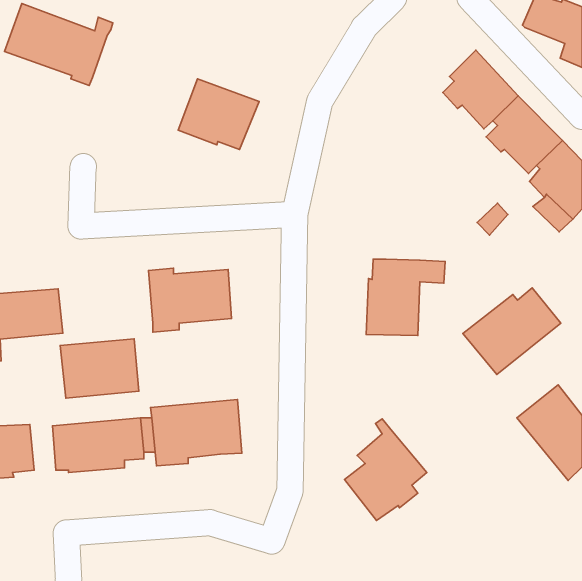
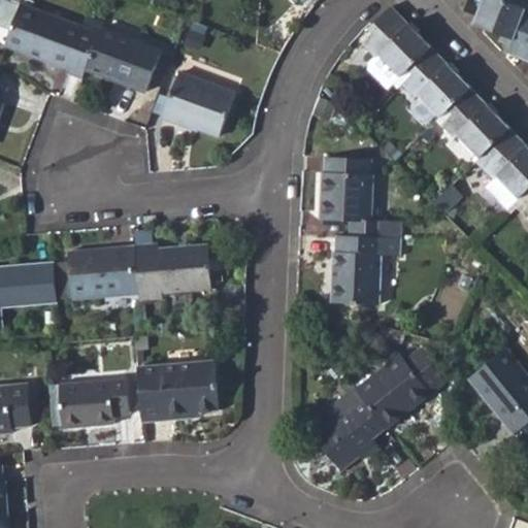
building: none -> [361,6,430,89]
building: none -> [84,27,161,93]
building: none -> [321,157,380,235]
building: [463,288,561,375] -> [355,349,443,427]
building: [60,339,139,398] -> [67,244,138,298]

